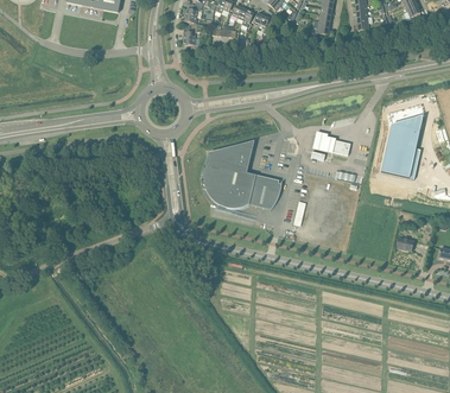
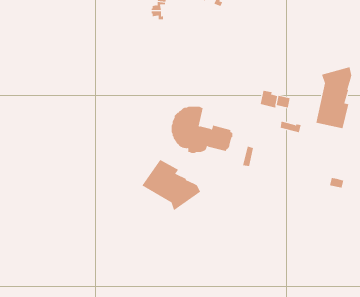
building: none -> [142,159,201,211]

